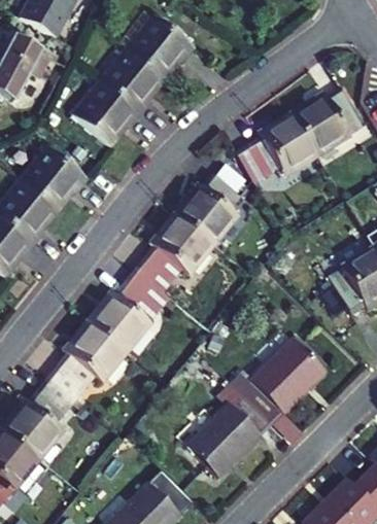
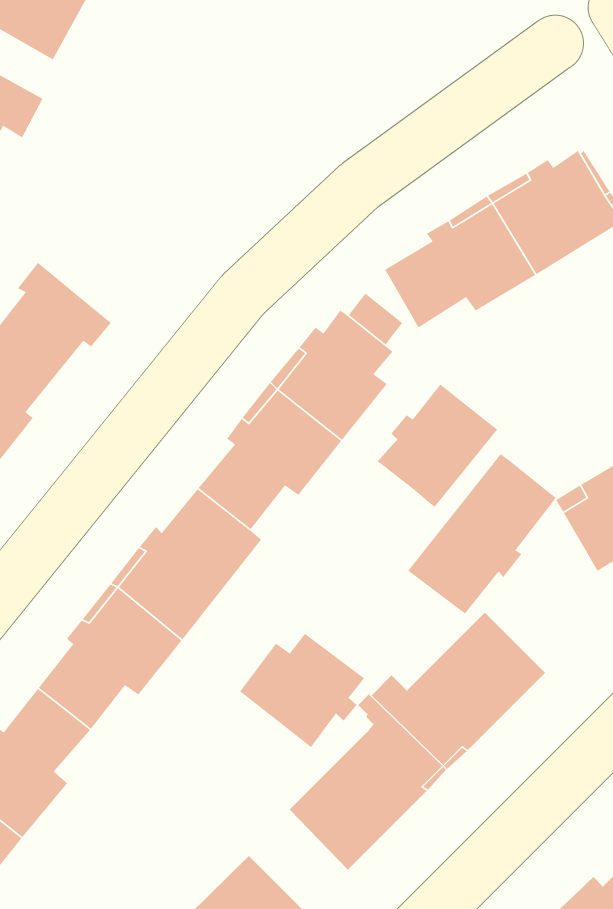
building: [78,15,194,143] -> none
building: none -> [377,383,498,508]
building: none -> [407,453,557,615]
building: none -> [239,633,365,748]

